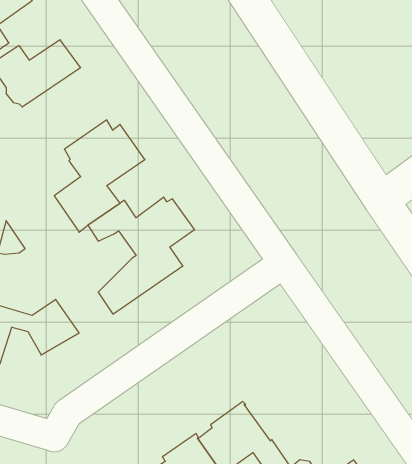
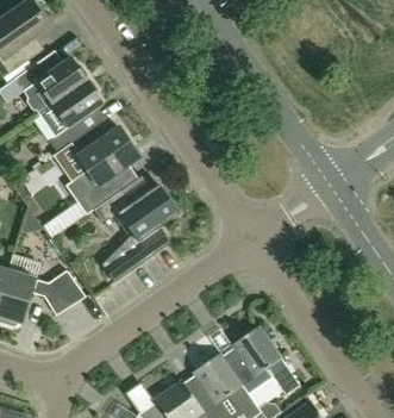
building: none -> [39,80,102,152]
building: none -> [220,325,300,394]

